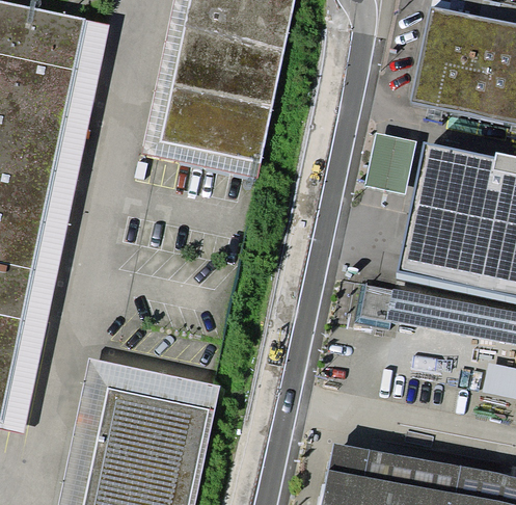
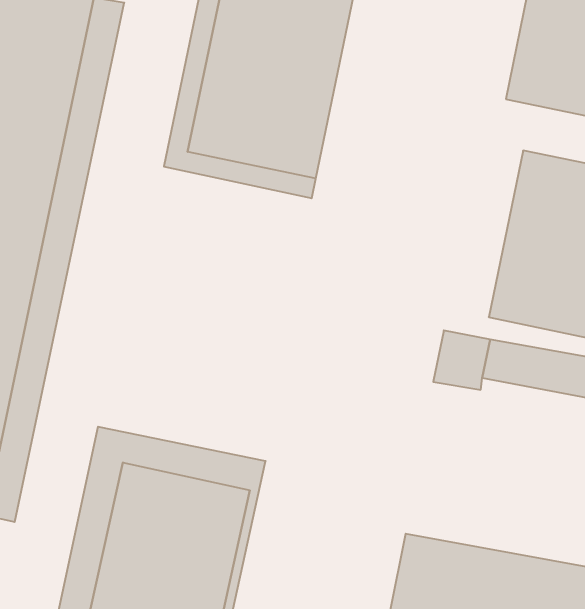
building: [364,132,416,194] -> none

